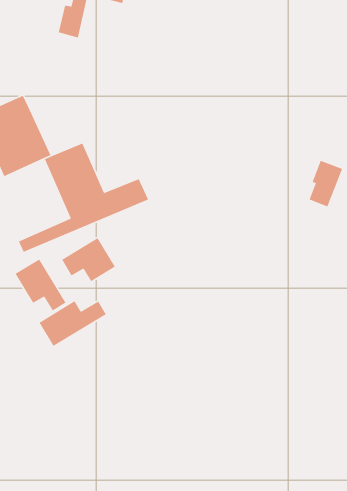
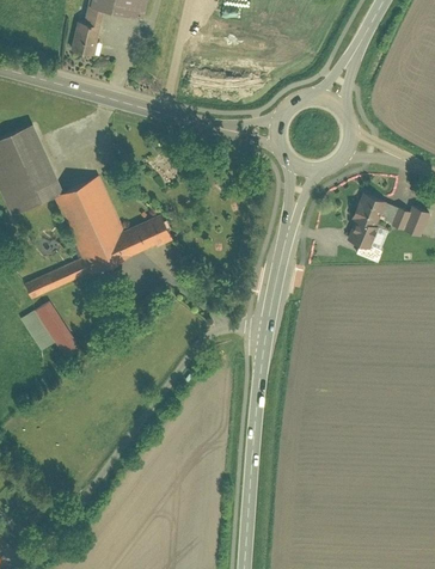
building: [61,237,116,282] -> none
building: [38,300,107,347] -> none

